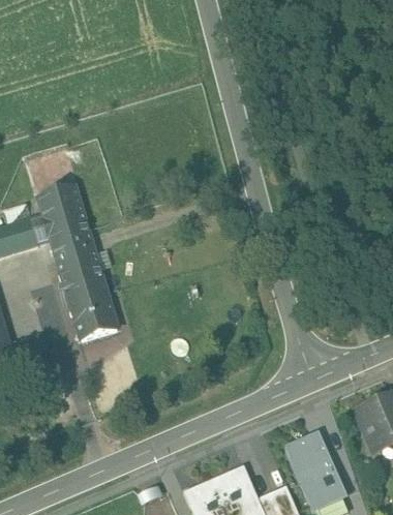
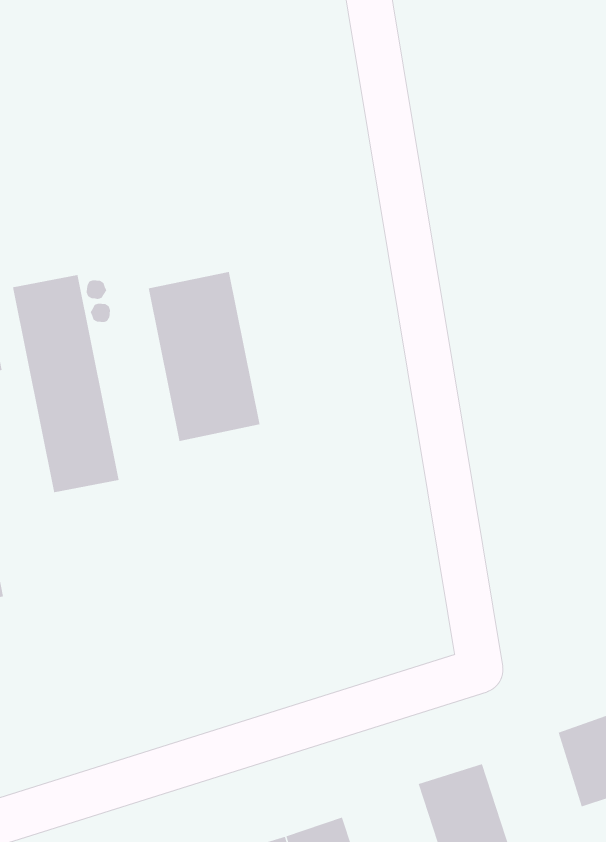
building: none -> [148,271,260,442]
building: [71,297,116,338] -> none

